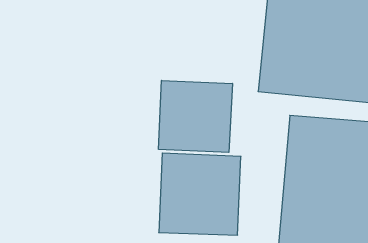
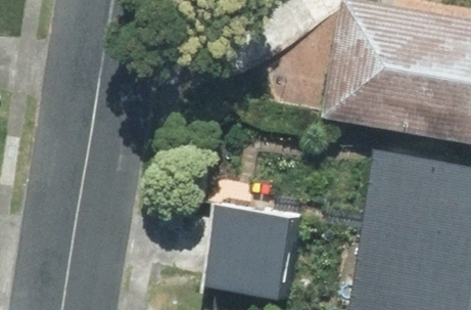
building: [159,80,232,152] -> none

